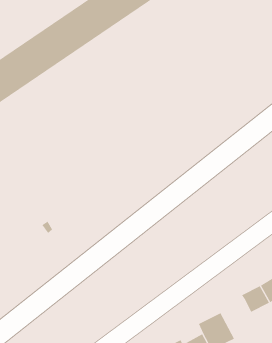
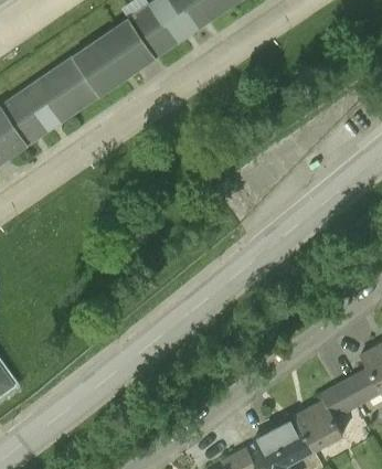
building: none -> [297,401,343,449]

